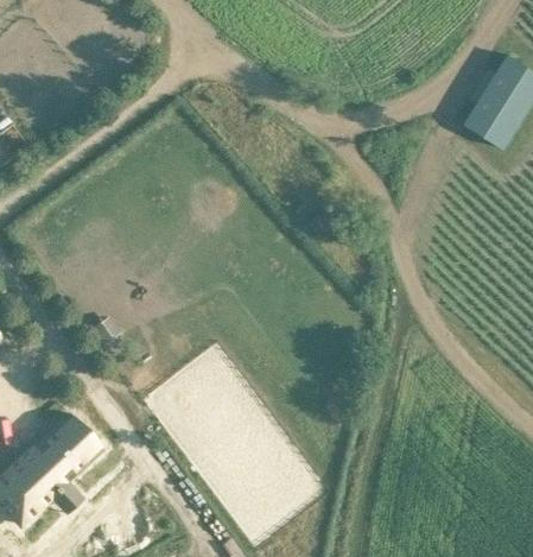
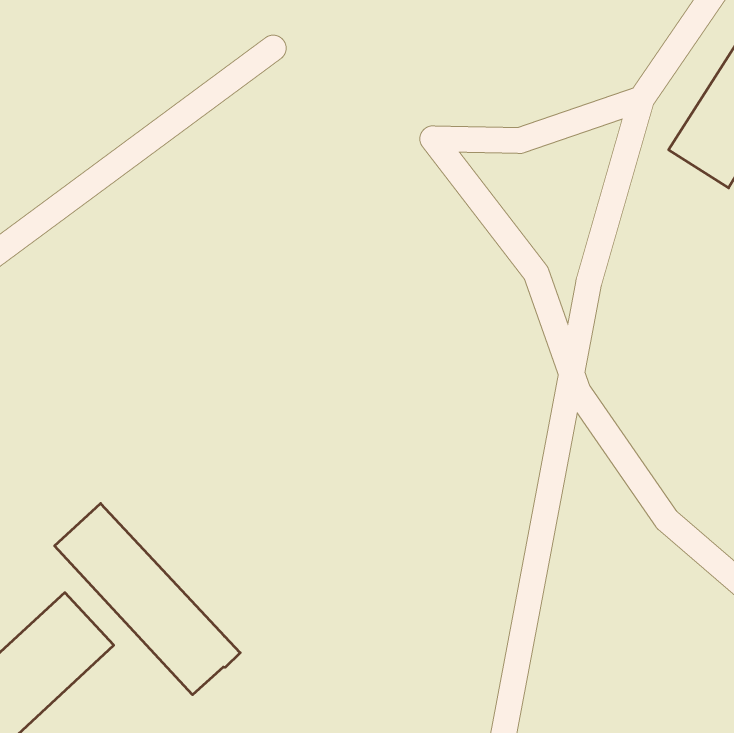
building: none -> [55,503,240,695]

